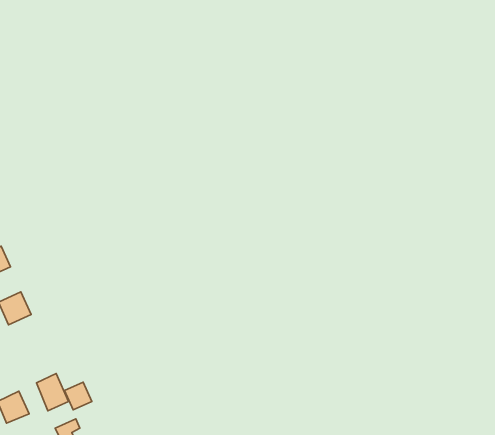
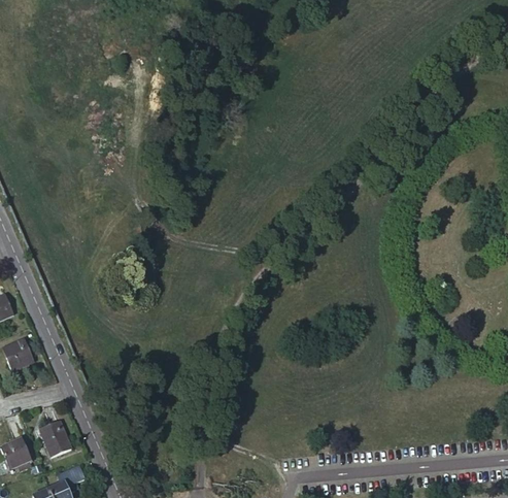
building: [65,382,92,410] -> none

